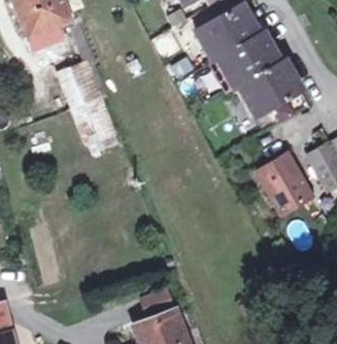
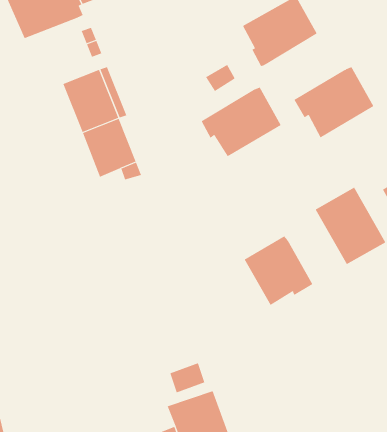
building: [217,31,280,85] -> [201,87,281,157]
building: none -> [244,236,313,306]

